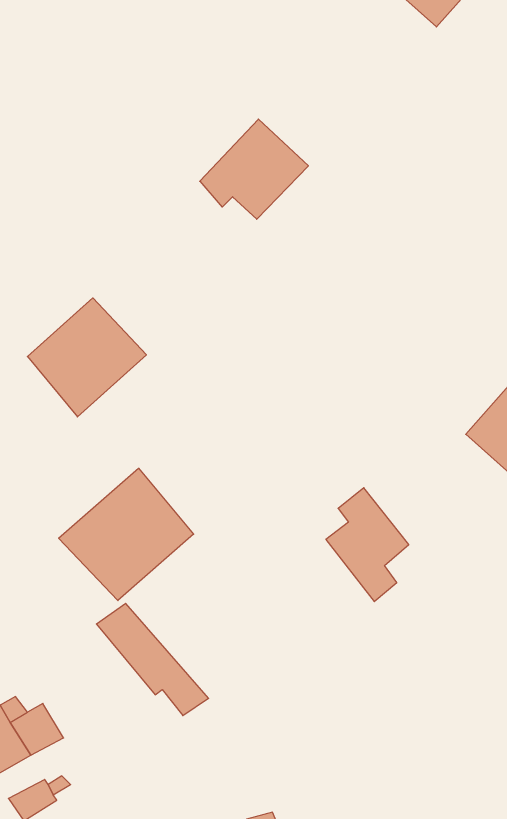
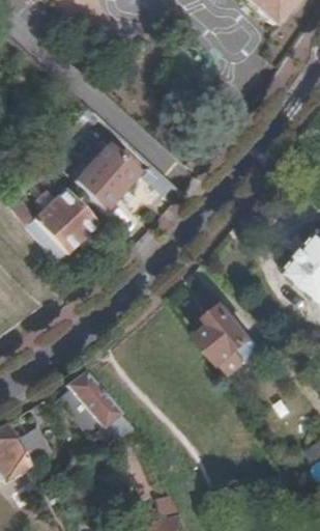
building: [200,119,308,219] -> [69,141,135,201]
building: [59,468,194,601] -> none

